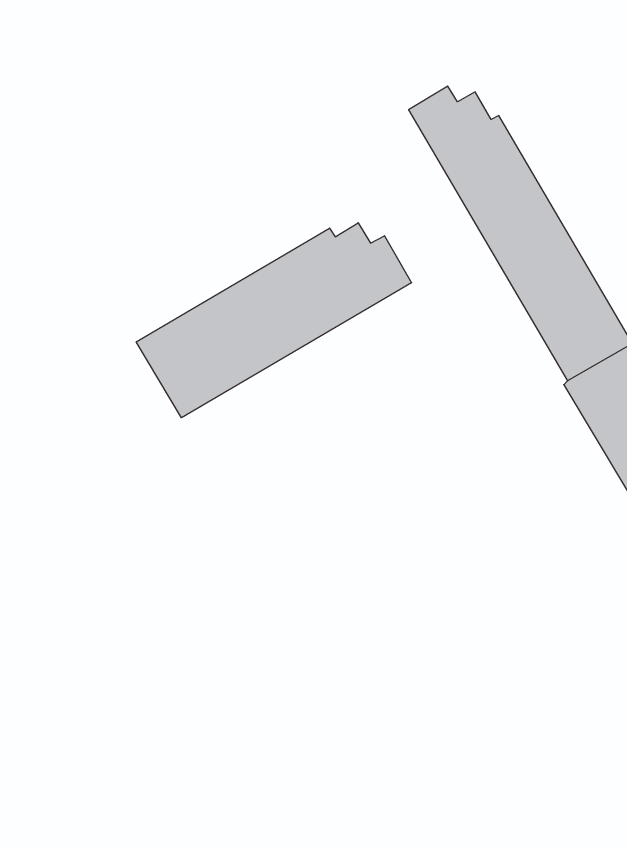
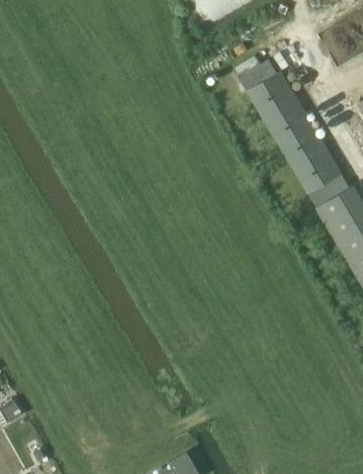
building: [136,223,412,418] -> none

